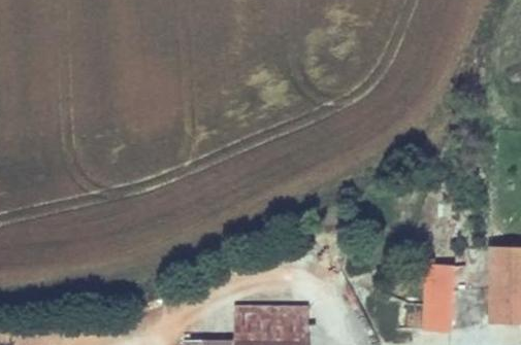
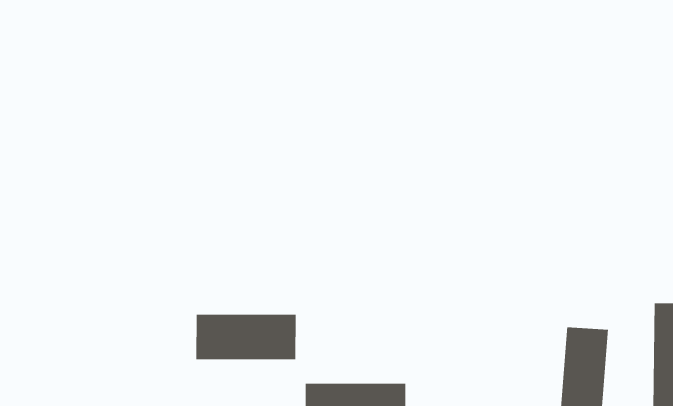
building: none -> [195,314,297,360]

